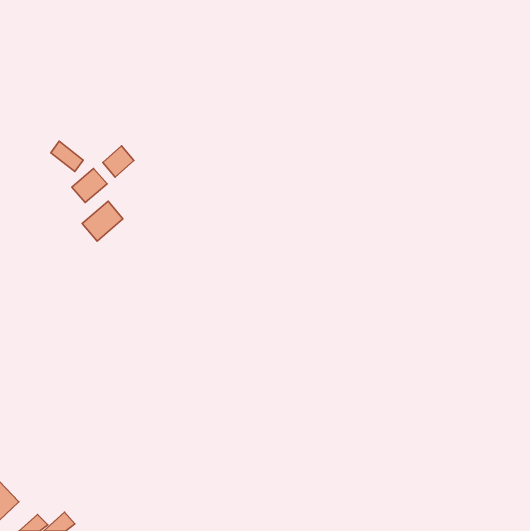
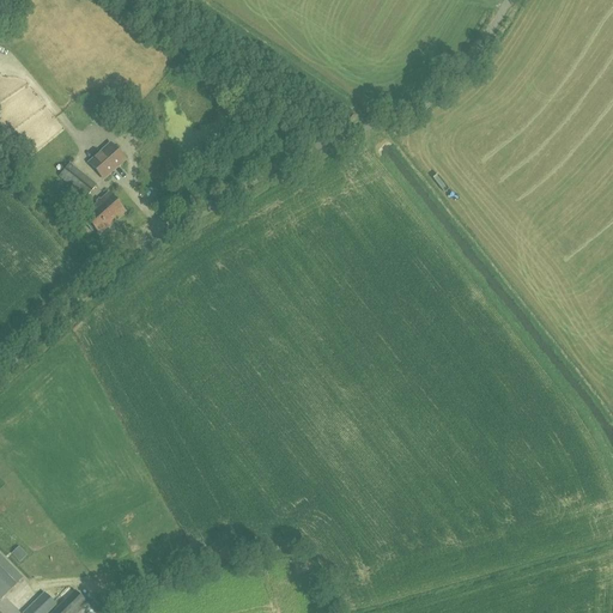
building: [103,146,134,177] -> [87,144,123,180]
building: [82,201,123,241] -> none

